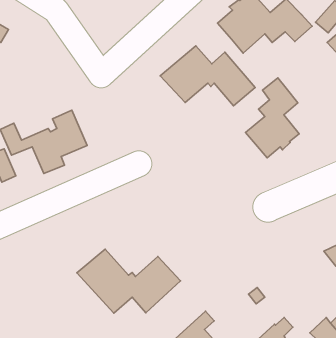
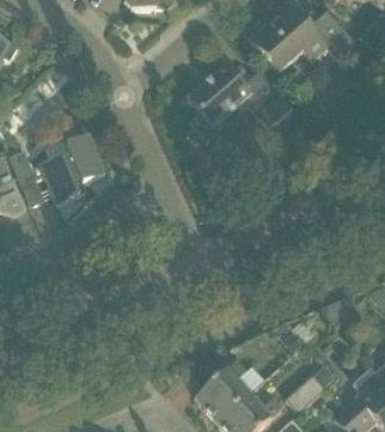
building: [245,78,299,158] -> none
building: [77,249,180,313] -> none

